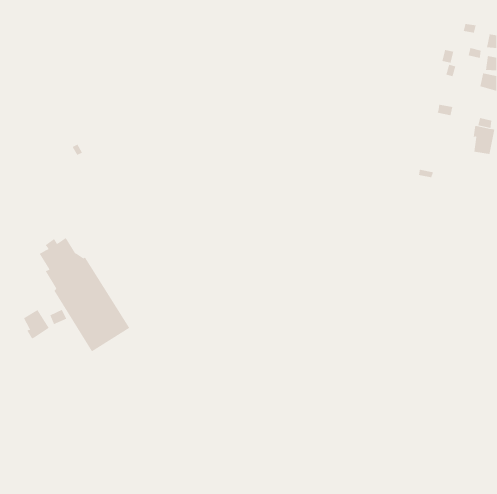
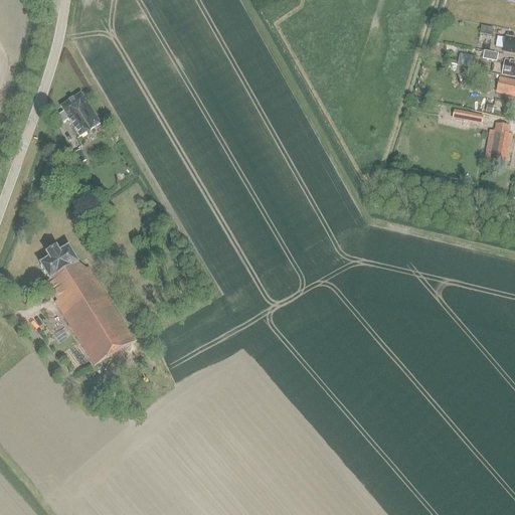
building: none -> [59,92,100,135]
building: [23,309,50,339] -> none

